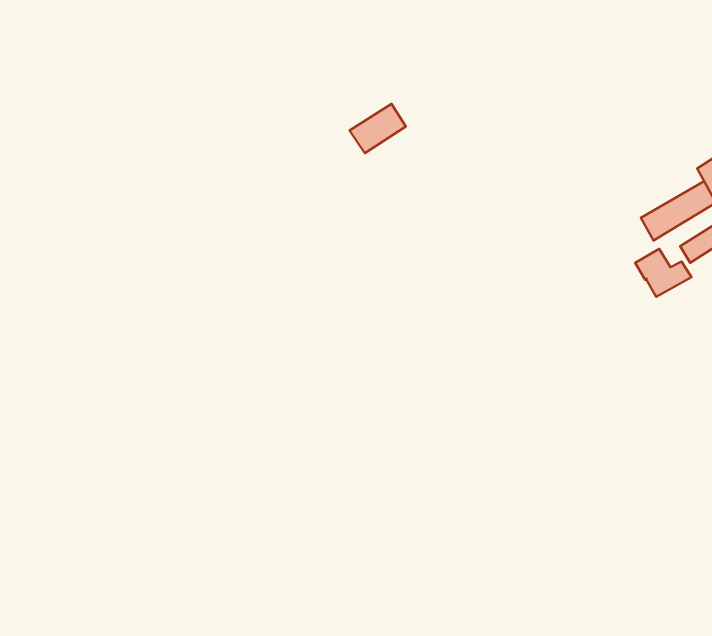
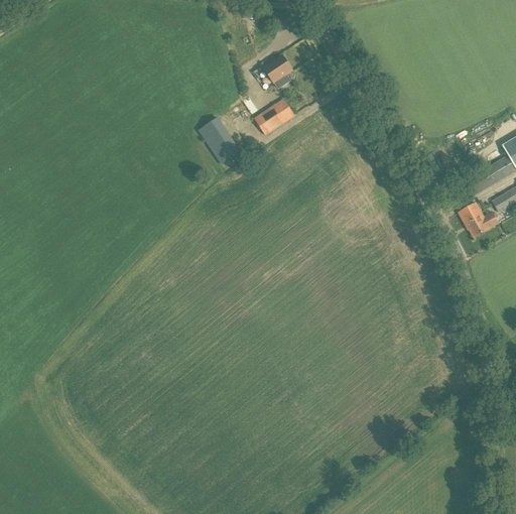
building: none -> [264,55,292,88]
building: none -> [198,117,241,164]

